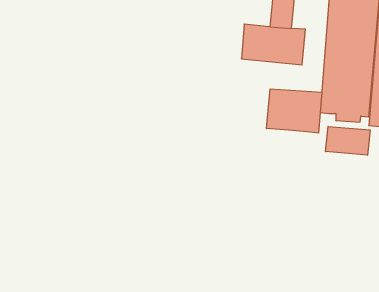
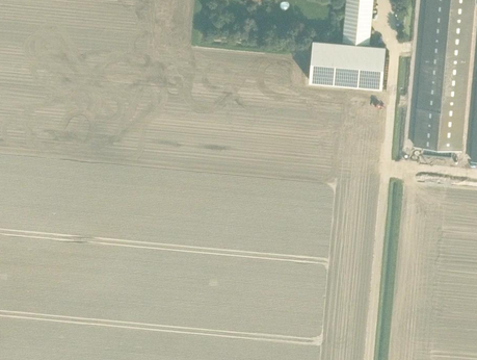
building: [267,89,322,133] -> none
building: [326,126,370,155] -> none

